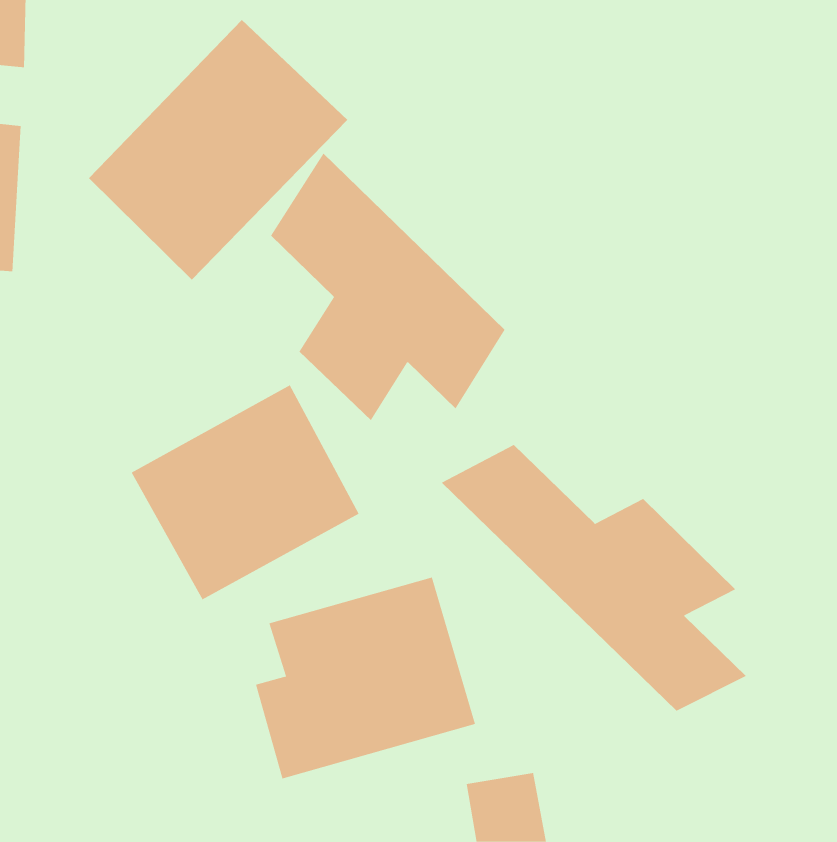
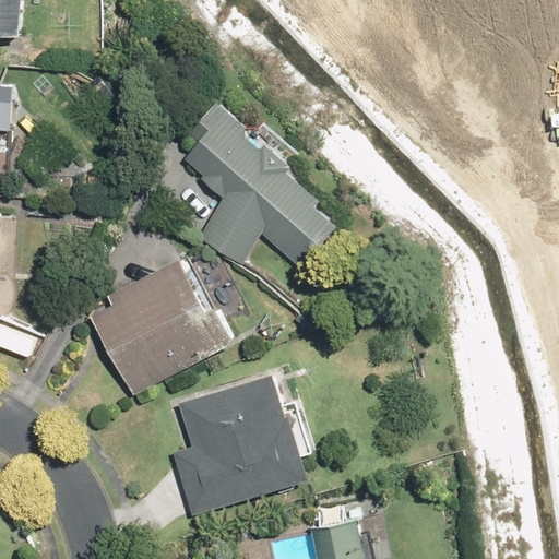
building: [88,19,348,280] -> none
building: [441,444,747,712] -> none

